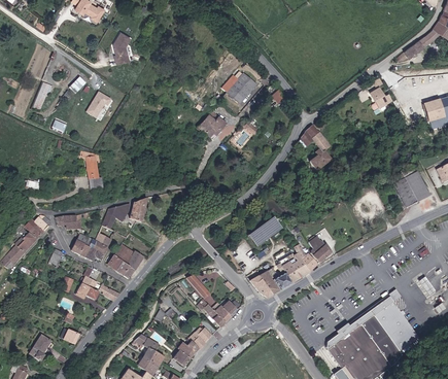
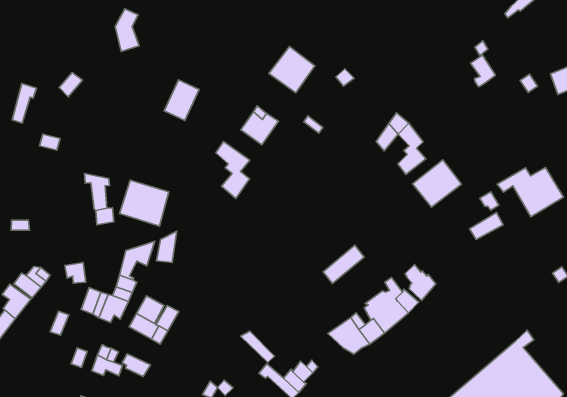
building: [85,90,112,119] -> [164,80,199,121]
building: none -> [216,141,250,199]
building: none -> [120,180,169,226]
building: none -> [413,160,461,207]

